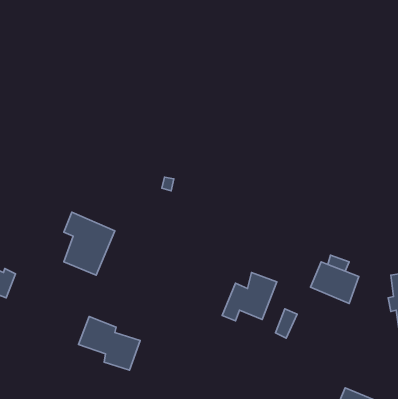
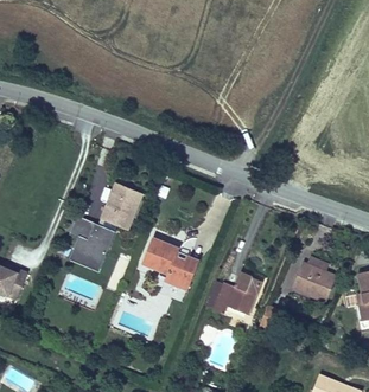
building: none -> [104,187,141,229]
building: [79,316,140,370] -> [140,240,195,288]

